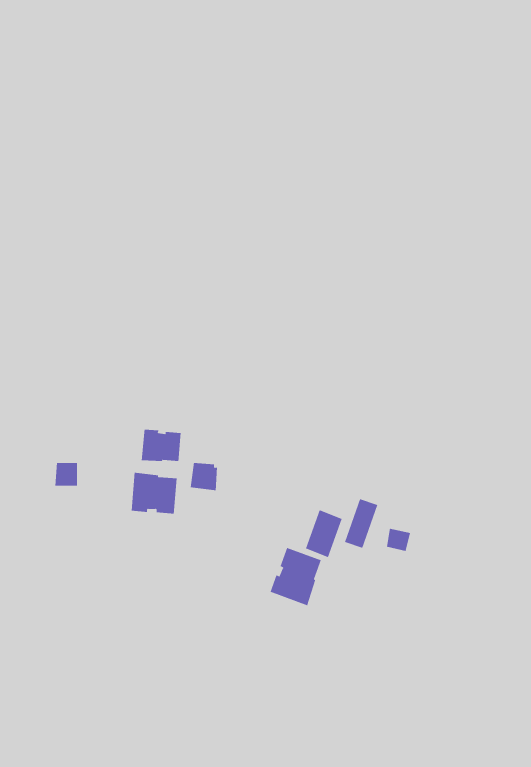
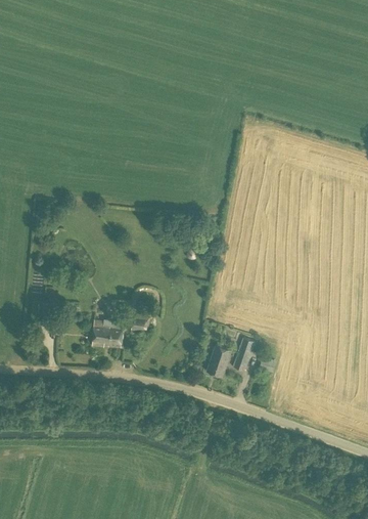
building: [141,429,181,462] -> none
building: [270,547,322,606] -> none

